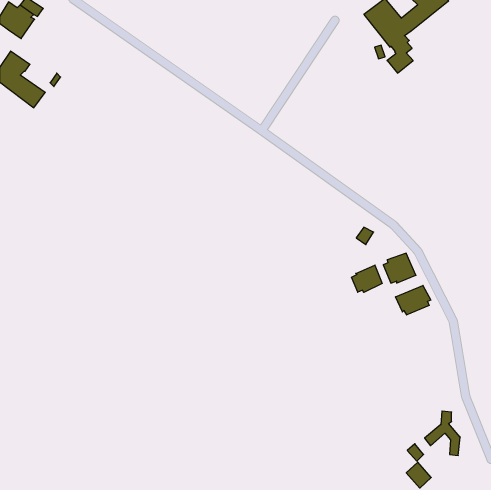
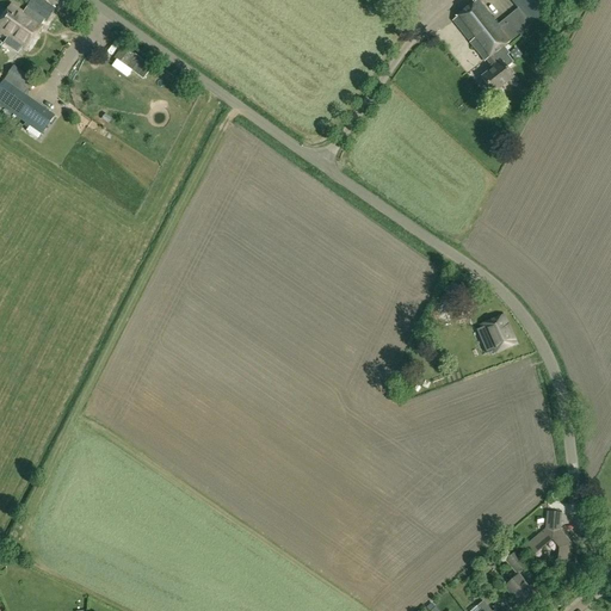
building: [351,265,382,292] -> none
building: [396,285,431,315] -> none

